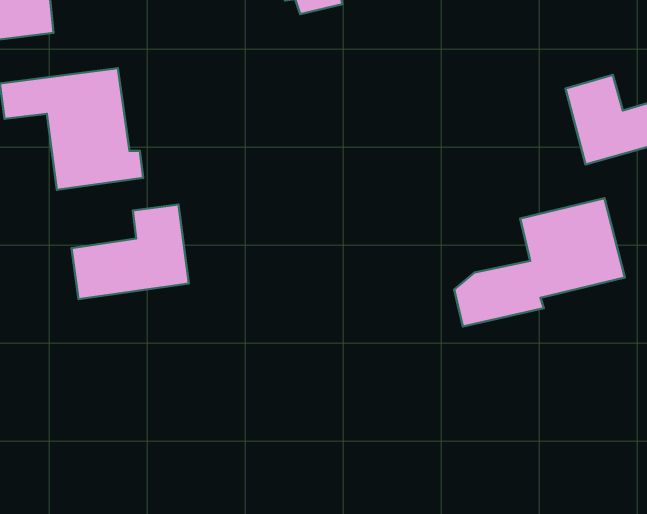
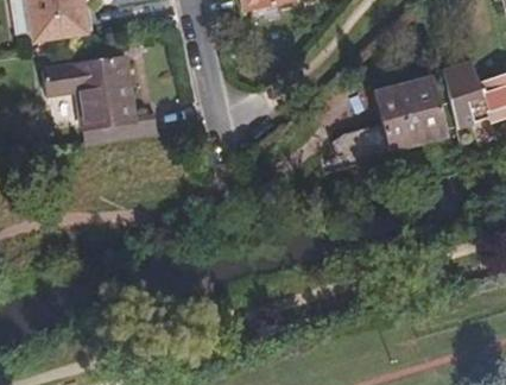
building: [454,198,625,327] -> [330,81,450,171]
building: [72,205,189,299] -> none

